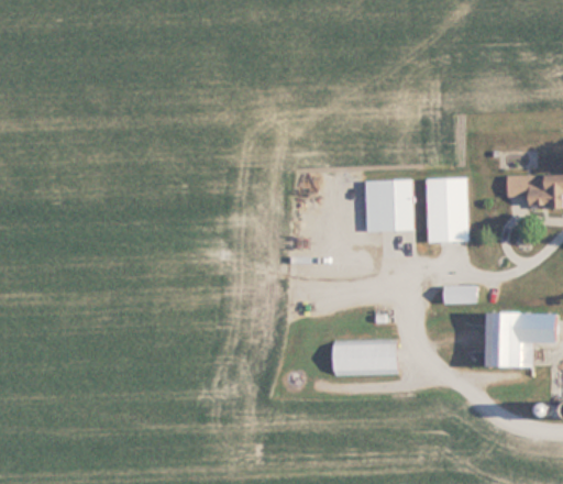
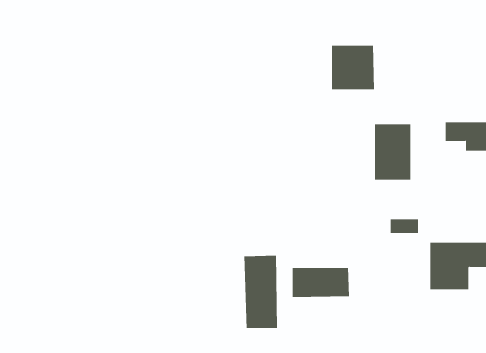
building: [365,180,415,231] -> [331,45,375,90]
building: none -> [244,255,278,329]

